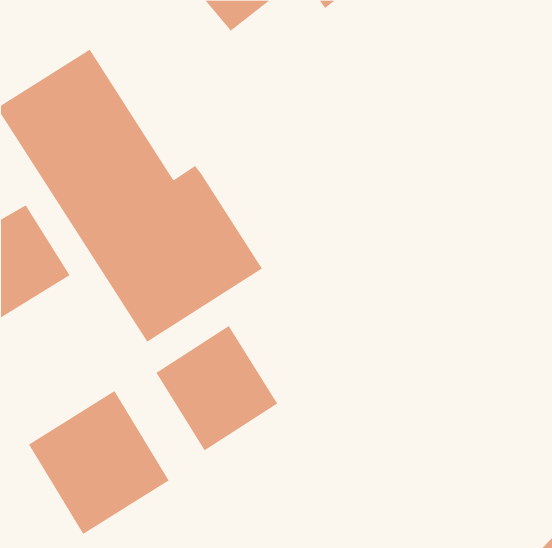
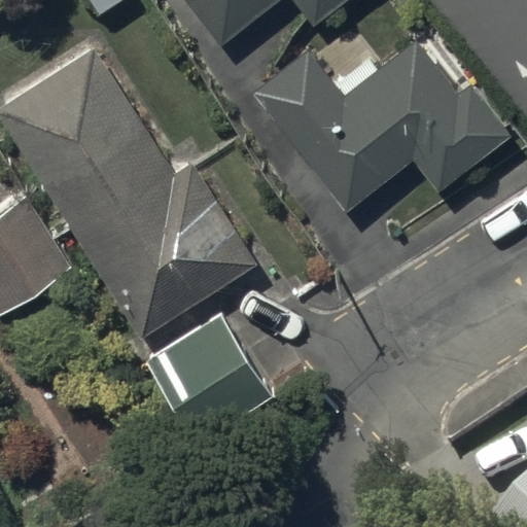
building: none -> [258,45,503,206]
building: [28,390,169,535] -> none

